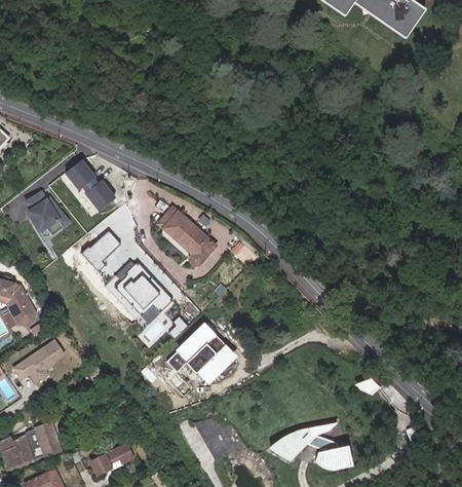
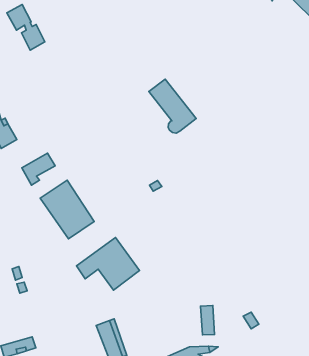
building: [65,161,114,213] -> [7,5,45,50]
building: [156,204,216,265] -> [149,79,196,133]
building: none -> [200,306,214,335]

